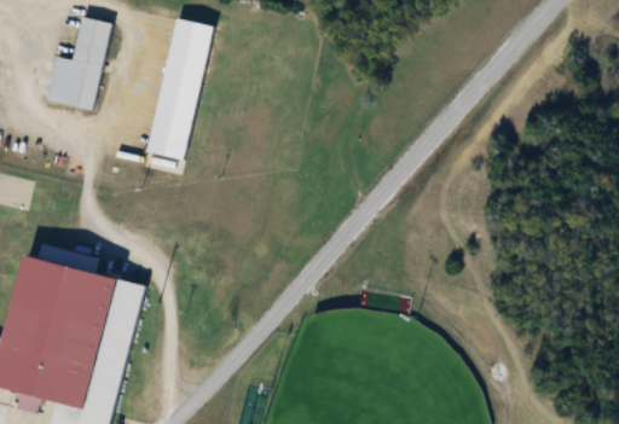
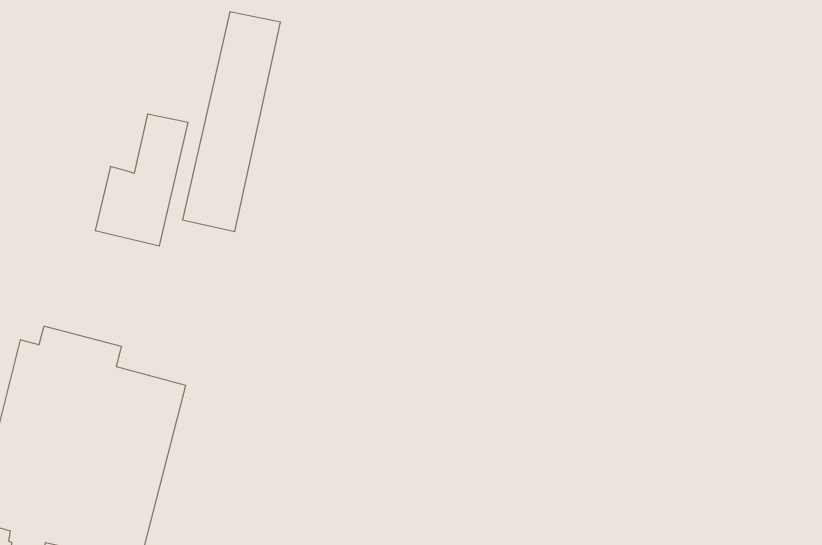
building: [45,17,111,111] -> [95,114,188,246]

